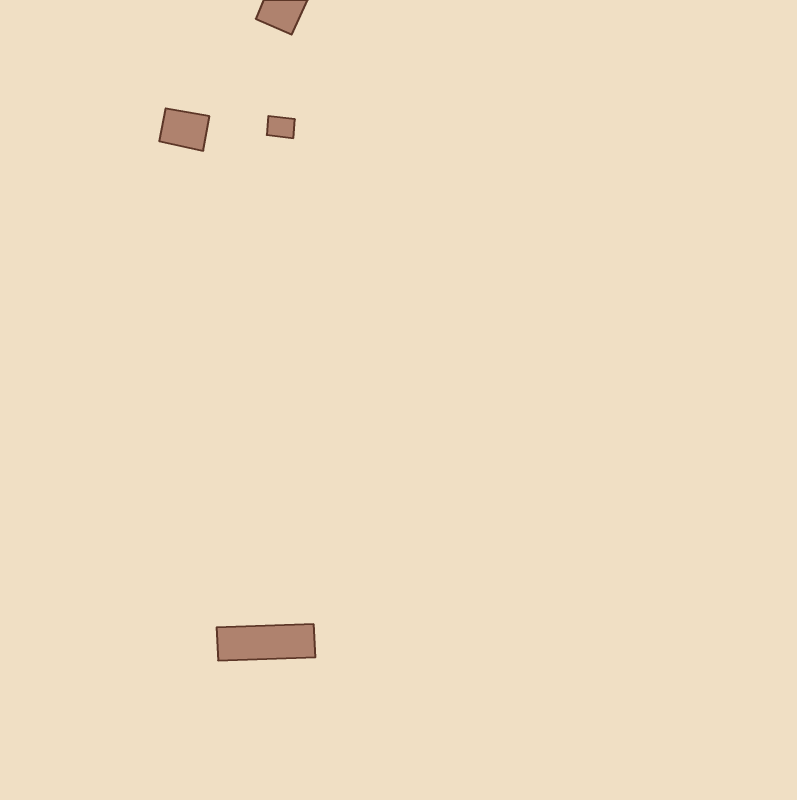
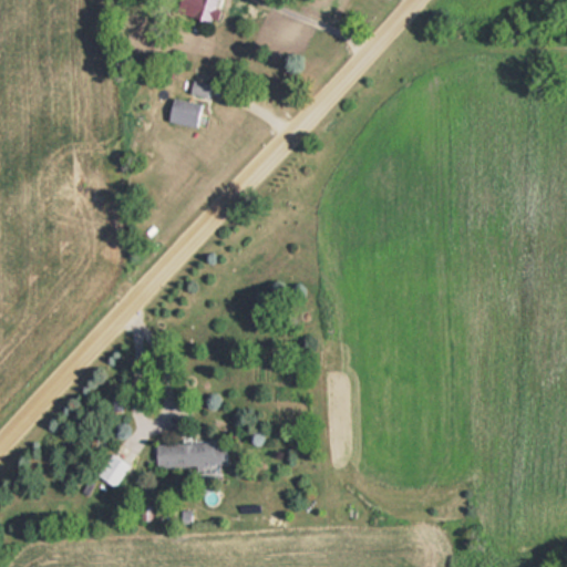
building: [159,108,209,151] -> [167,100,203,130]
building: none -> [97,454,130,487]

